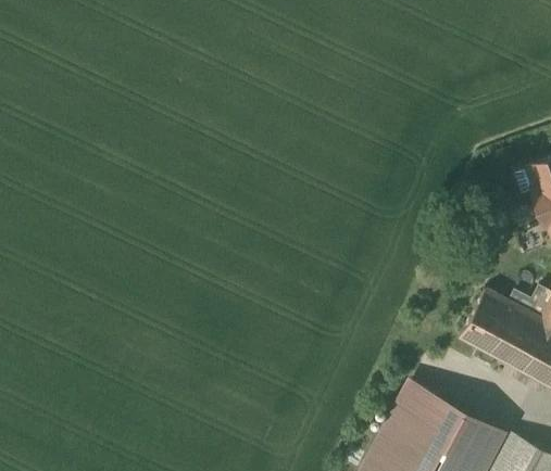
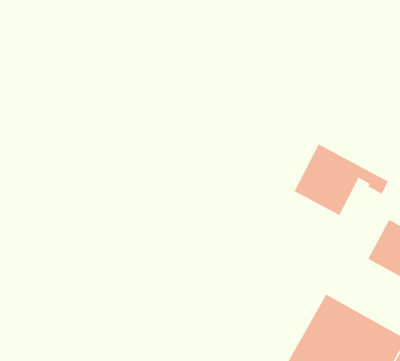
building: none -> [294,144,388,216]

